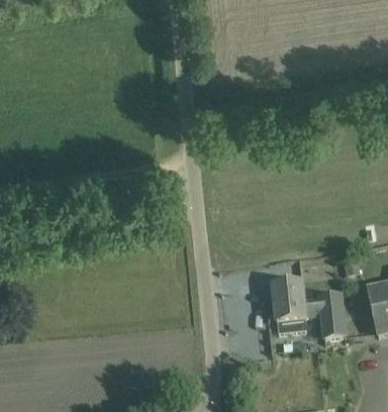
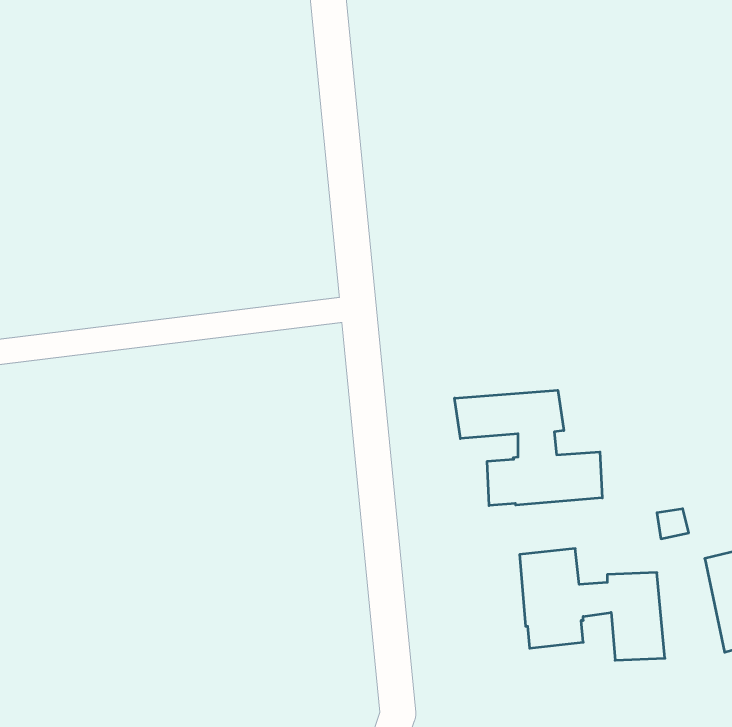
building: none -> [455,390,602,506]

